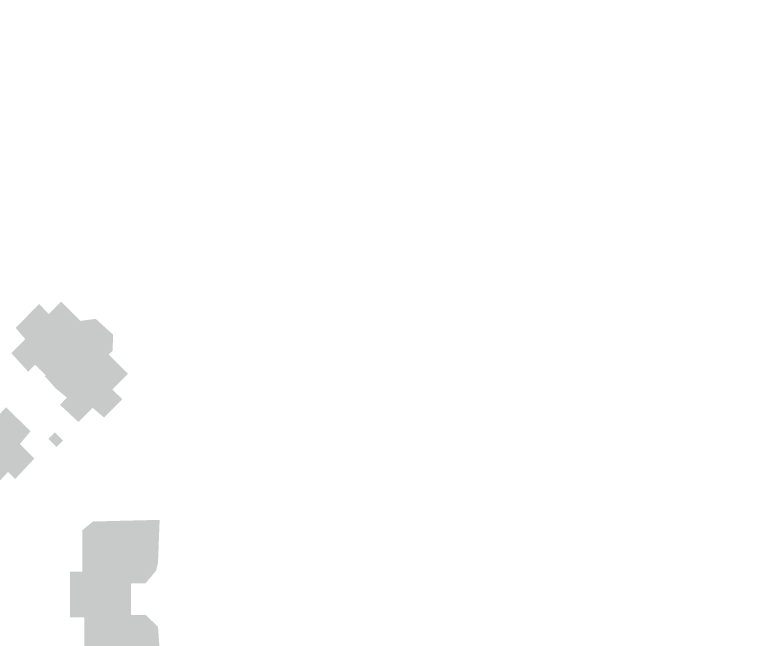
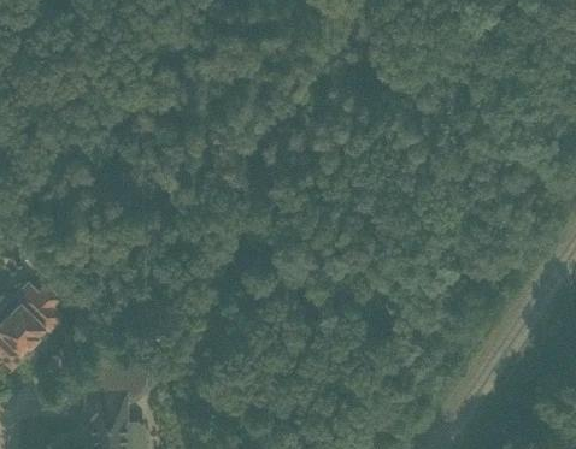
building: [11,301,129,423] -> none

